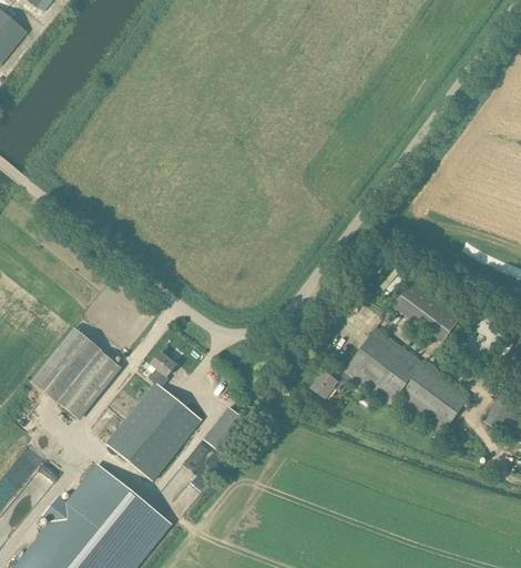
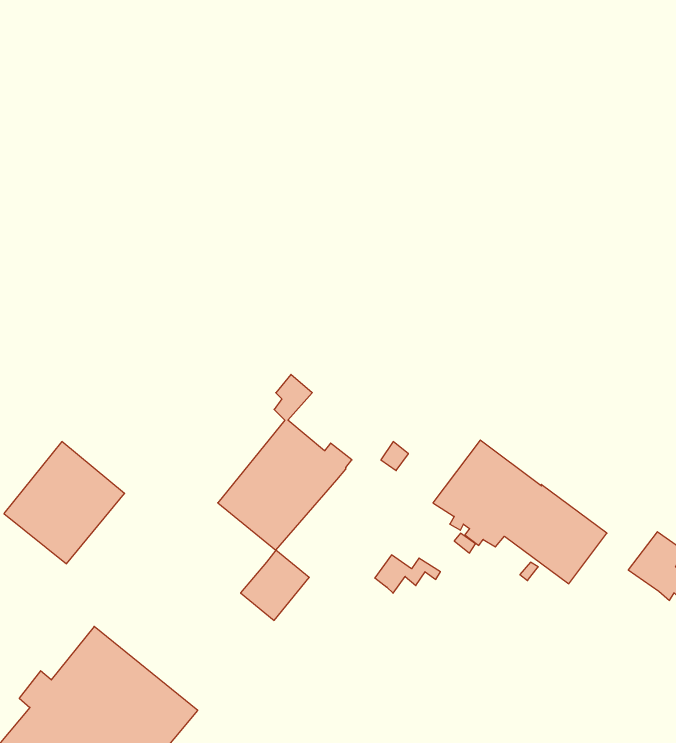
building: [385,273,471,346] -> none
building: [108,352,205,479] -> [218,374,352,550]
building: [310,371,358,398] -> [375,555,440,593]

